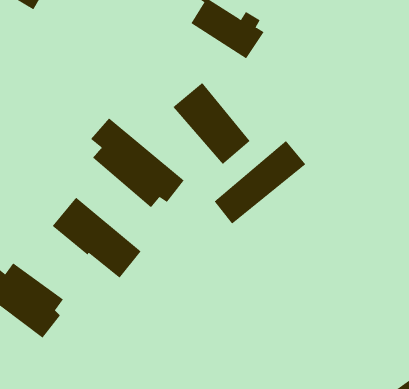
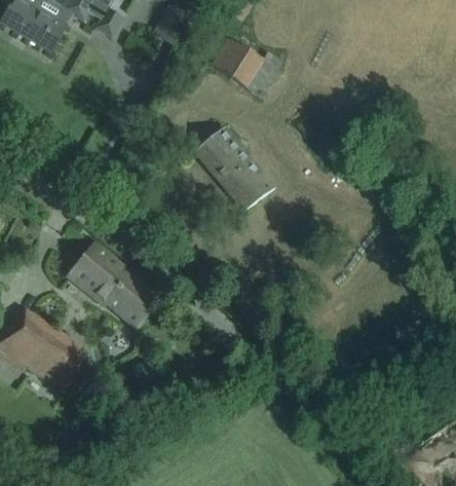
building: [90,118,185,208] -> none
building: [214,140,306,224] -> none

